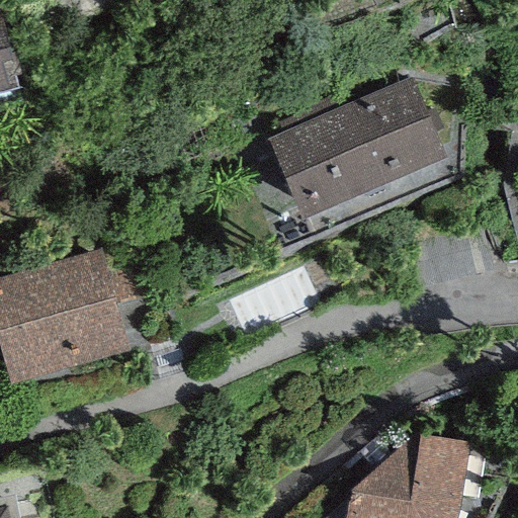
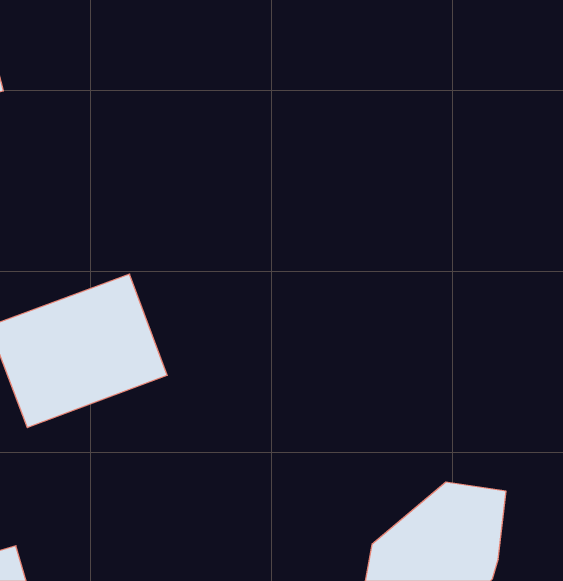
building: [270,80,447,224] -> none

